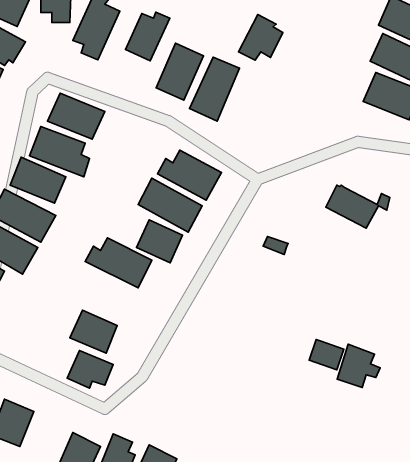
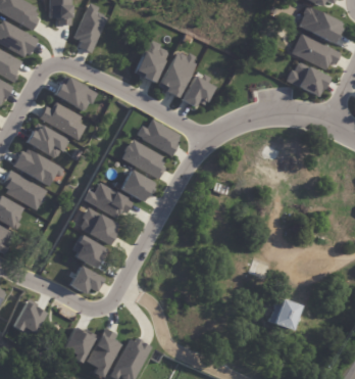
building: [125,12,170,61] -> none
building: [238,14,283,60] -> [181,73,213,106]
building: none -> [77,207,118,244]
building: [337,344,380,387] -> [271,298,303,330]

